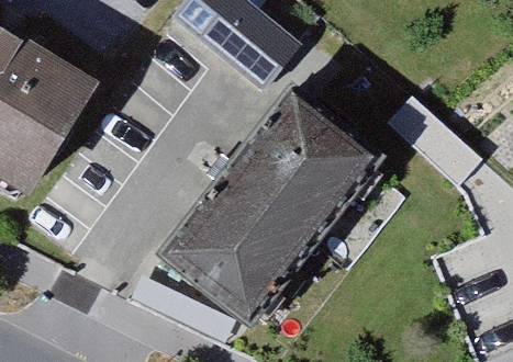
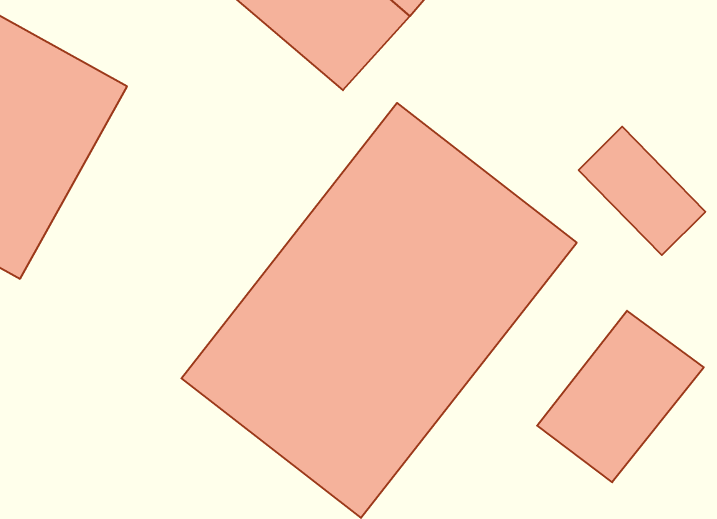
building: none -> [537,311,704,482]

